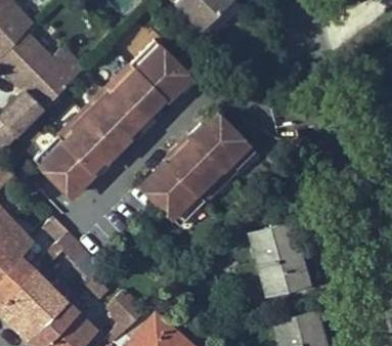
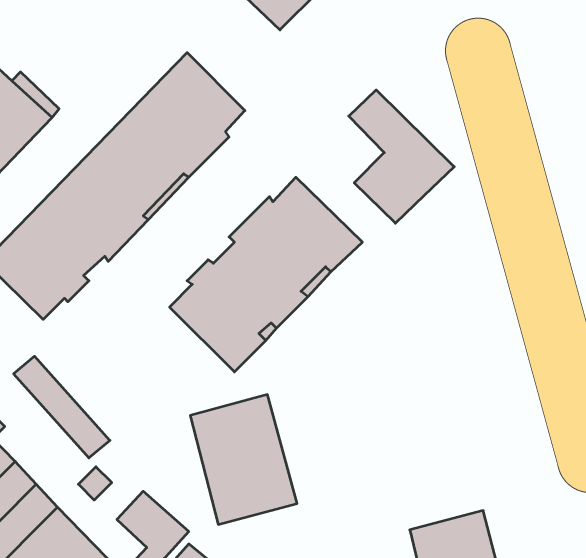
building: none -> [349,90,454,223]
building: [254,218,316,294] -> [190,395,297,524]

